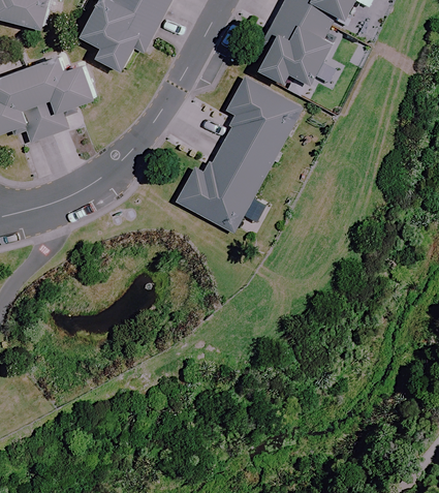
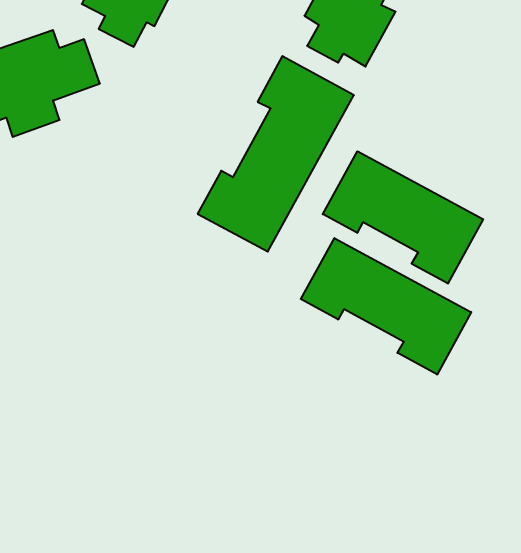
building: none -> [323,151,483,284]
building: none -> [301,238,471,375]

